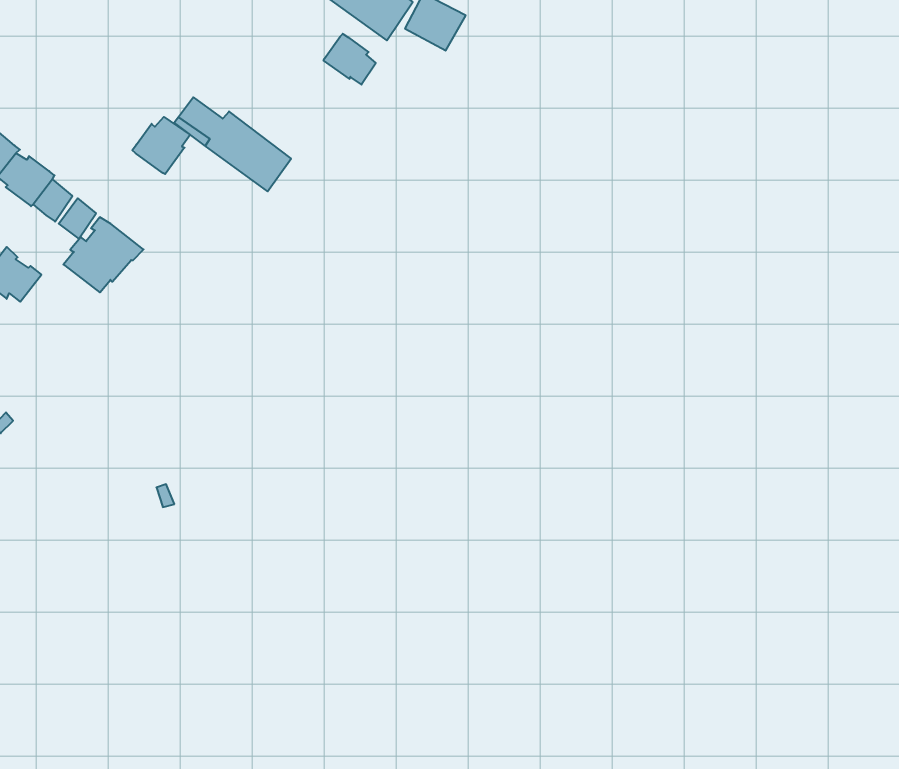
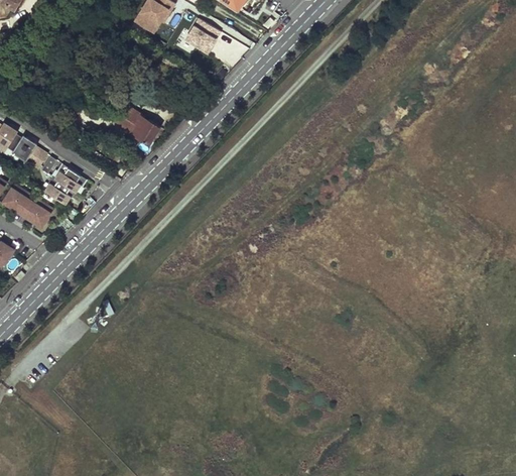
building: [324,34,376,85] -> none
building: [132,117,190,174] -> none
building: none -> [24,198,53,227]

